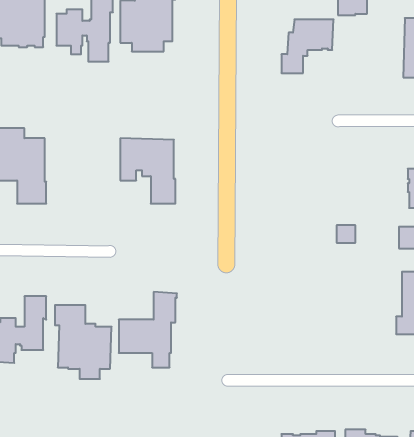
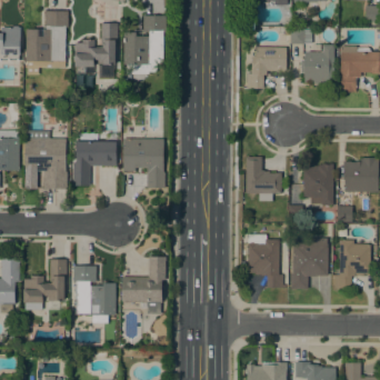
building: none -> [301,44,334,83]
building: none -> [73,132,117,186]
building: none -> [246,157,281,201]
building: none -> [303,163,333,204]
building: none -> [248,234,286,288]
building: none -> [291,238,328,289]

